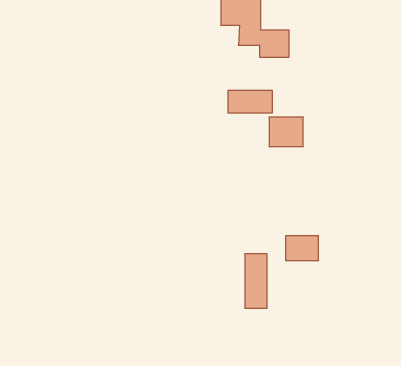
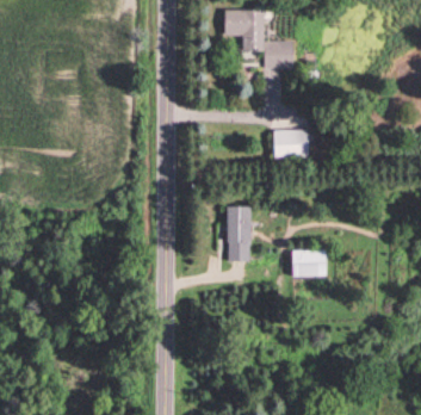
building: [228,90,272,113] -> none
building: [245,254,267,308] -> [227,206,249,261]

